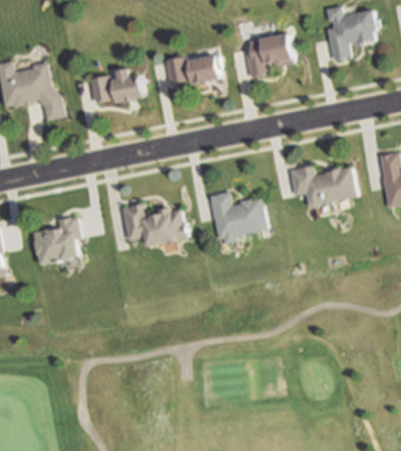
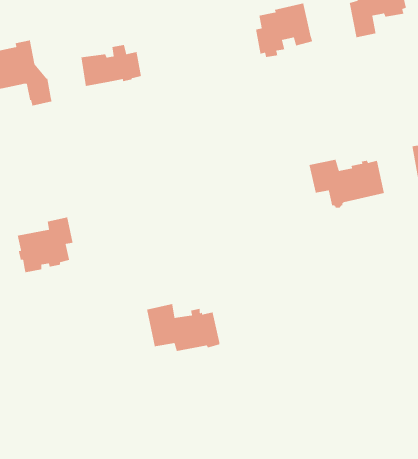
building: [165,53,221,86] -> none
building: [210,193,269,245] -> none
building: [124,204,189,246] -> [146,303,220,352]

